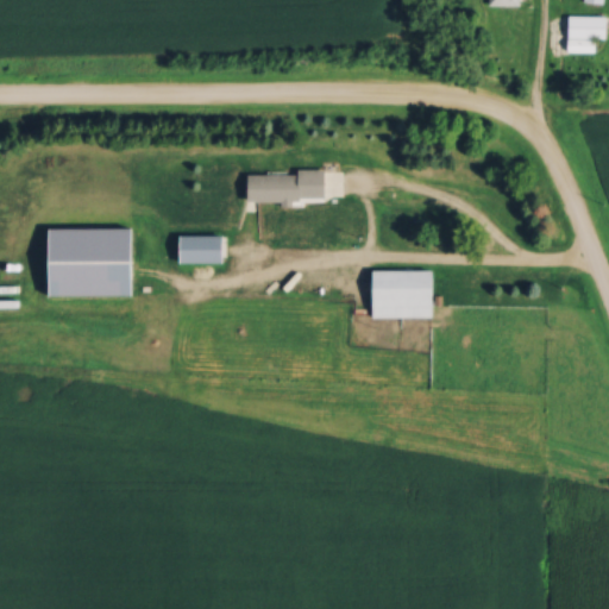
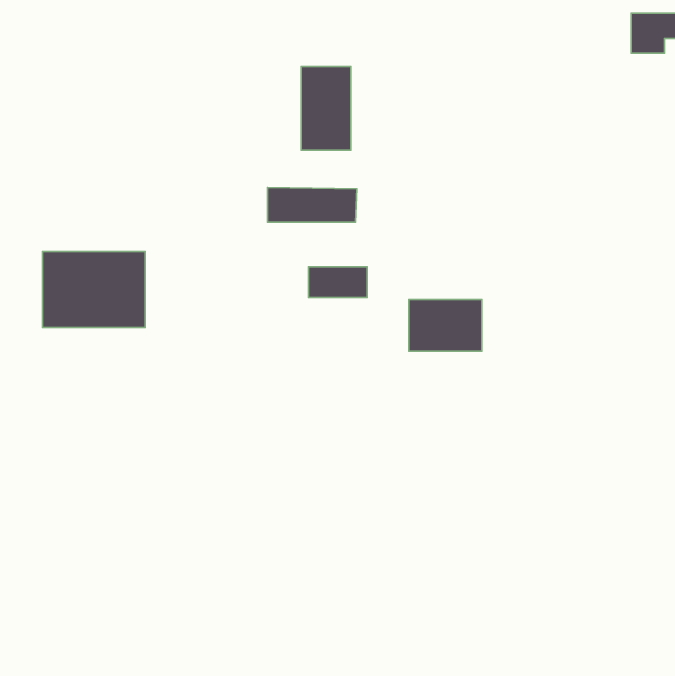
building: none -> [301,67,351,150]
building: [176,237,228,264] -> [309,267,367,297]

